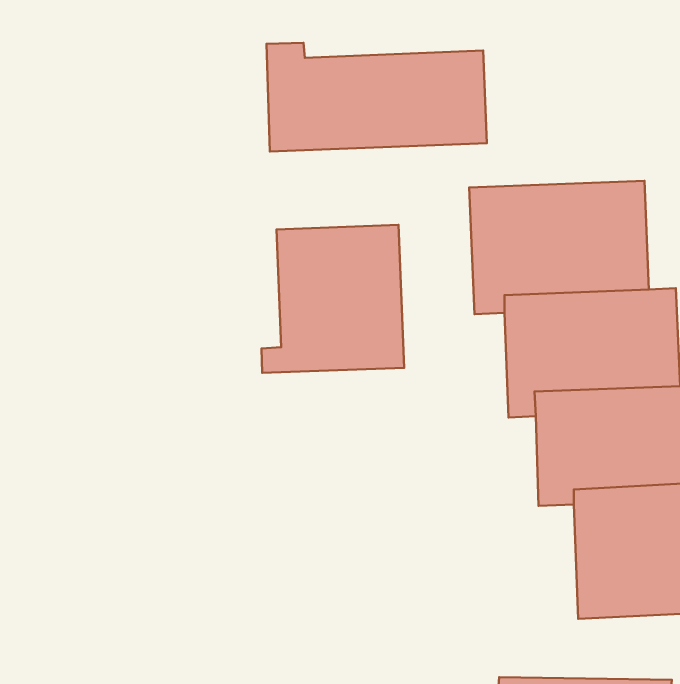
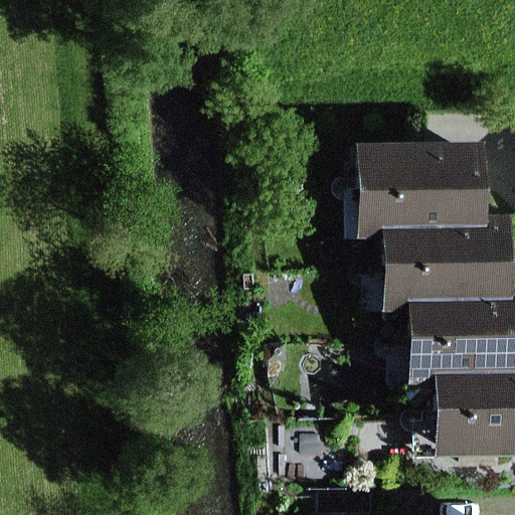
building: [266,43,487,151] -> none
building: [261,225,404,373] -> none

